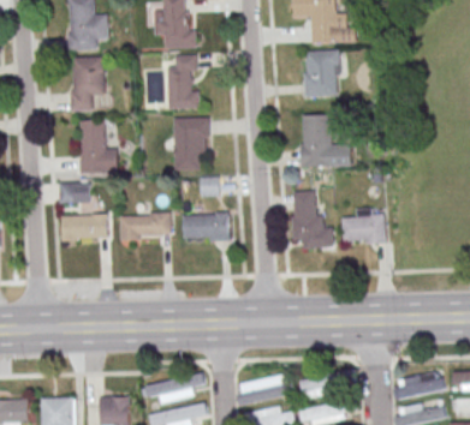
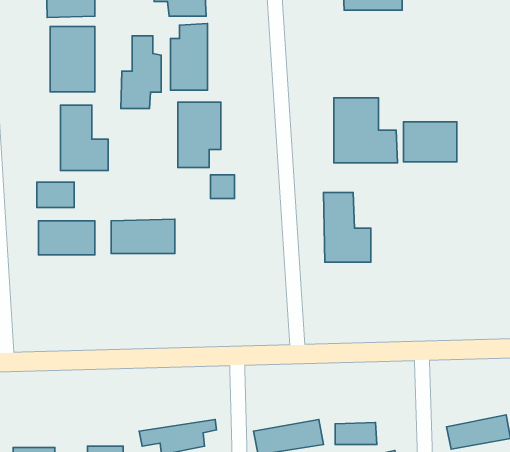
building: [303,49,341,97] -> none
building: none -> [121,36,161,108]
building: [343,211,386,244] -> [403,122,457,162]
building: [183,212,230,241] -> none

